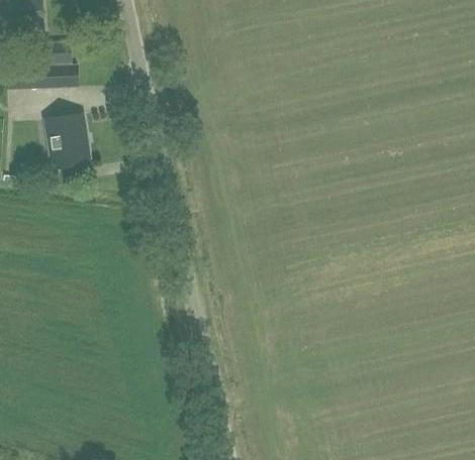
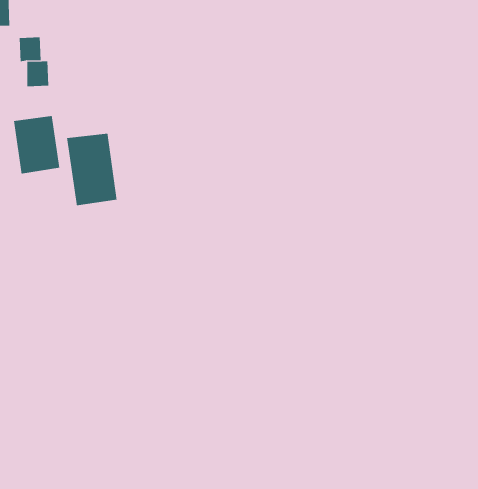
building: none -> [67,133,117,206]

